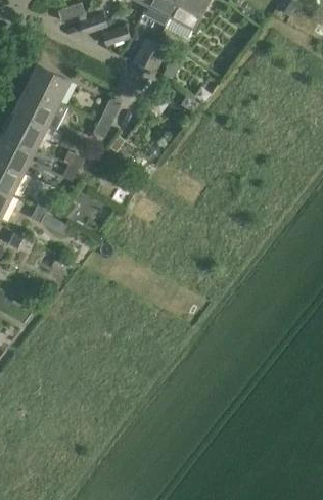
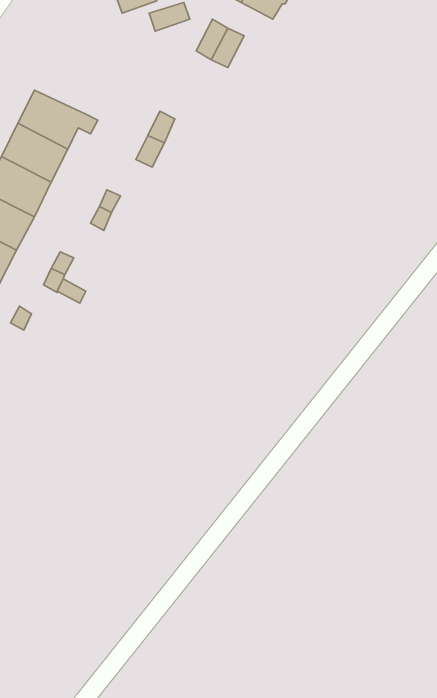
building: [25,62,71,102] -> none

